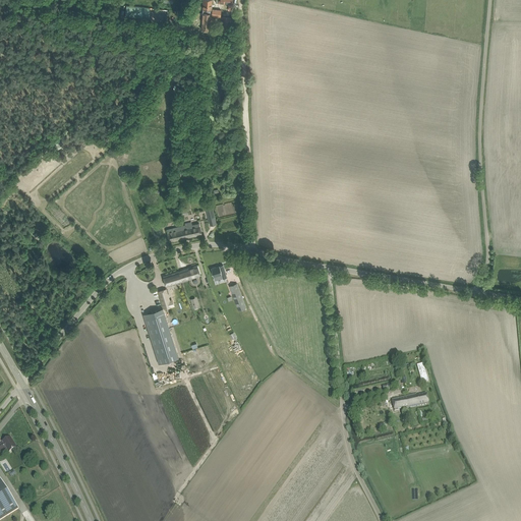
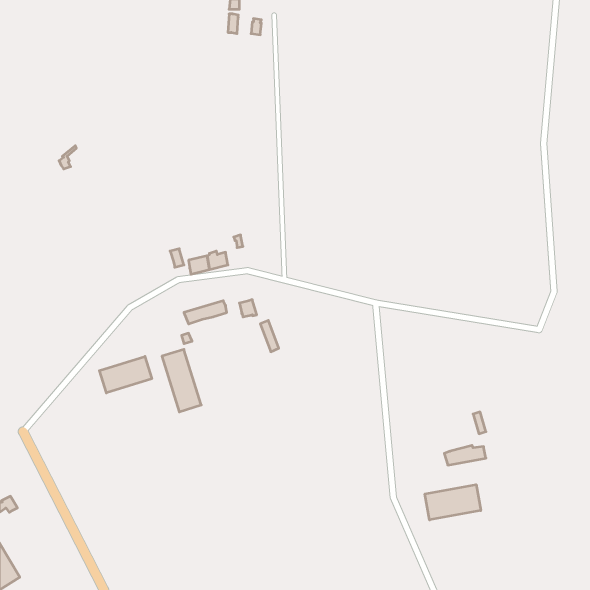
building: none -> [99,356,152,393]
building: none -> [425,485,481,520]

